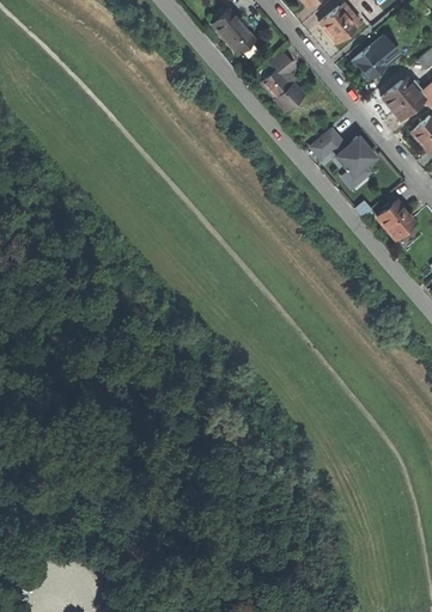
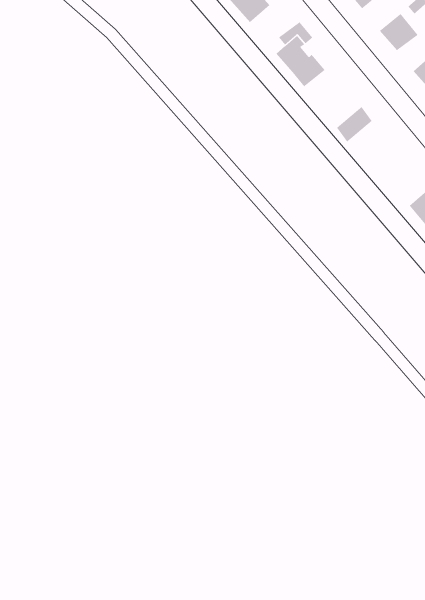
building: [336,136,381,179] -> none

